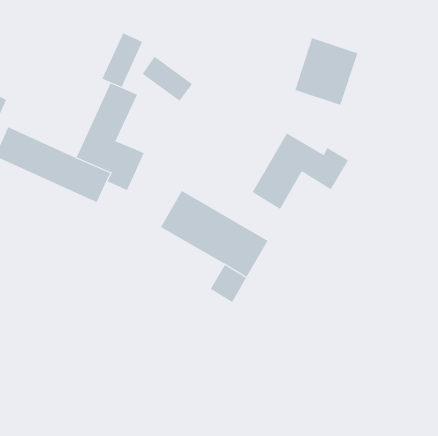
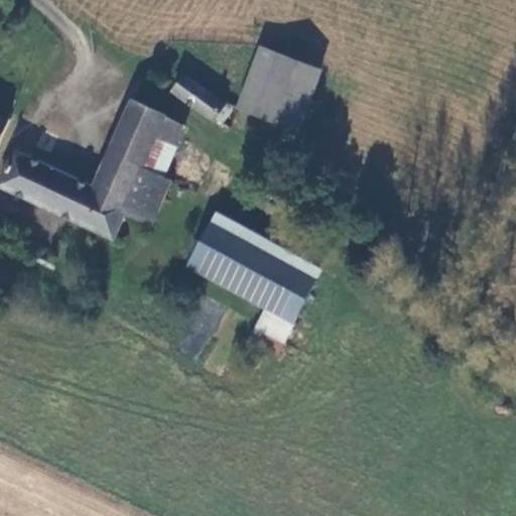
building: [101,32,143,88] -> [136,111,184,175]
building: [294,38,358,106] -> [244,44,318,124]
building: [252,132,349,210] -> none

